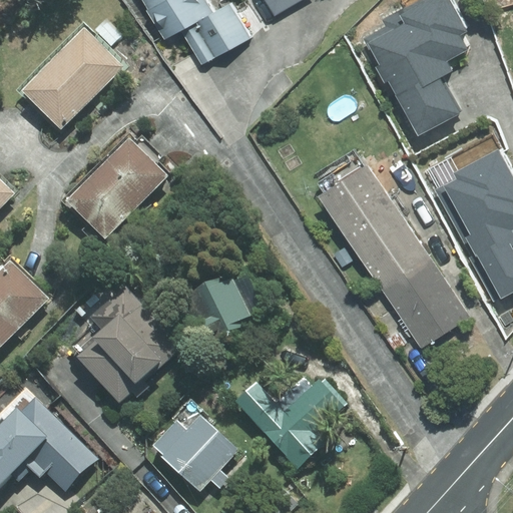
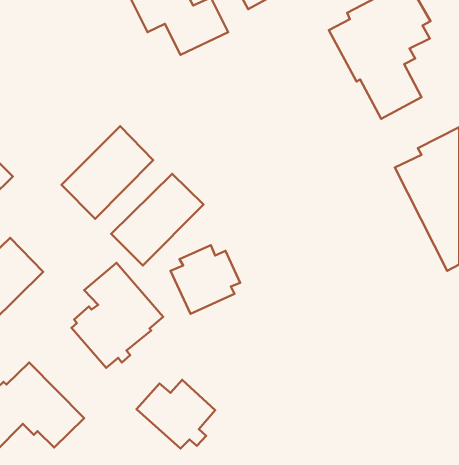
building: [23,28,123,128] -> none
building: [322,157,467,344] -> none
building: none -> [111,174,204,265]
building: [234,377,344,469] -> none

